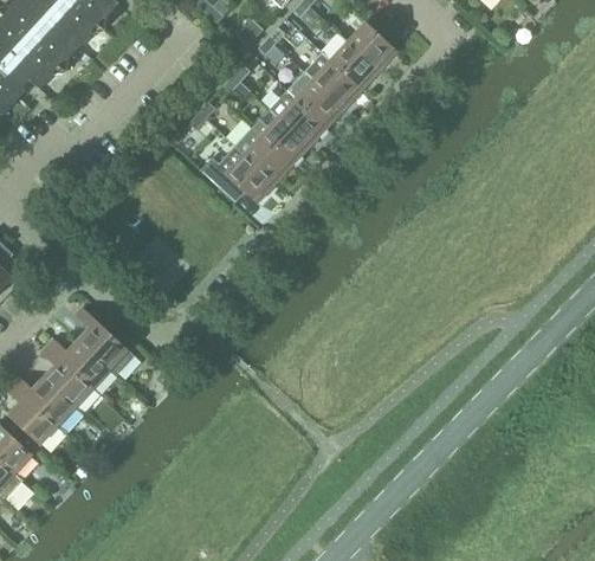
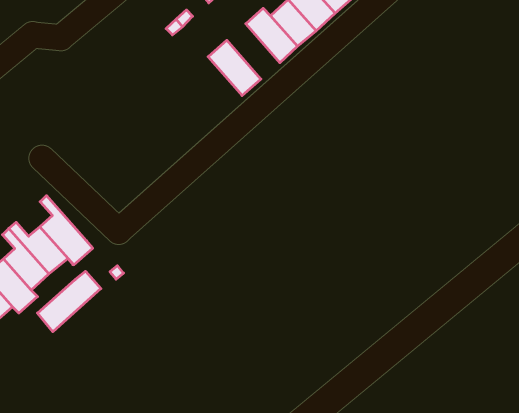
building: [252,109,309,165] -> none
building: [200,147,273,202] -> none
building: none -> [37,271,101,332]

